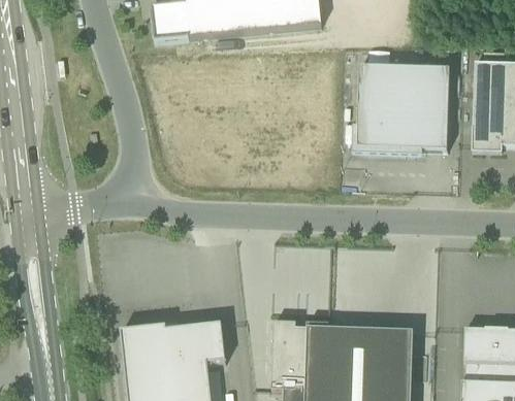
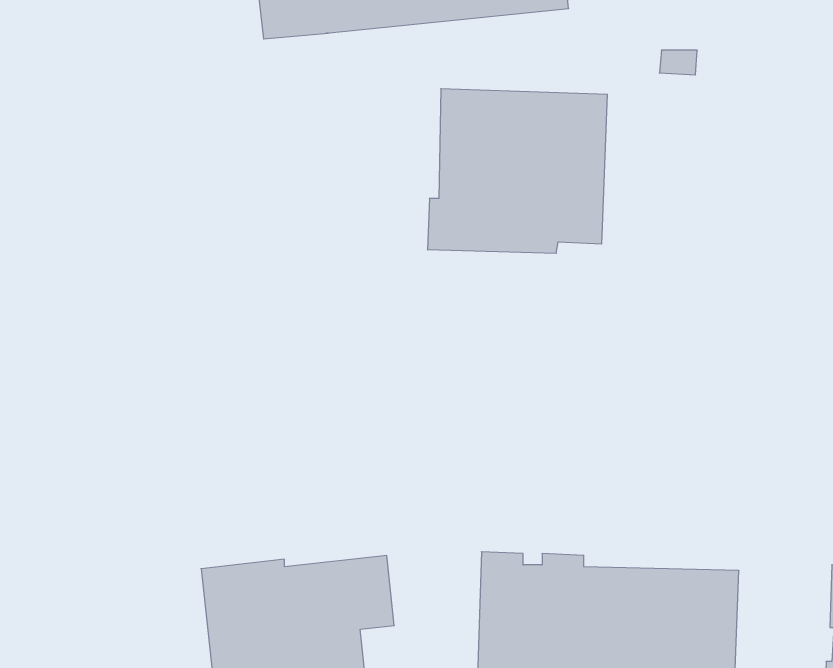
building: [352,65,450,155] -> [427,89,607,253]

